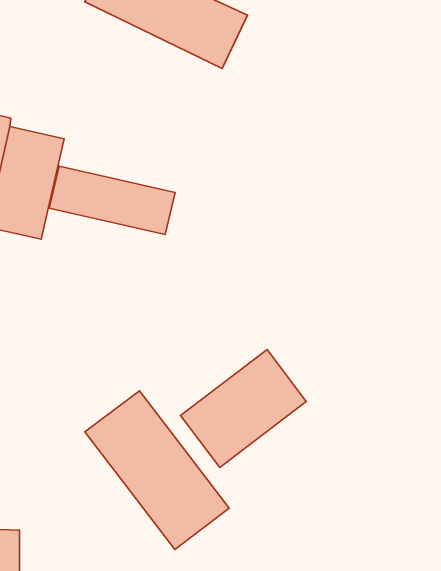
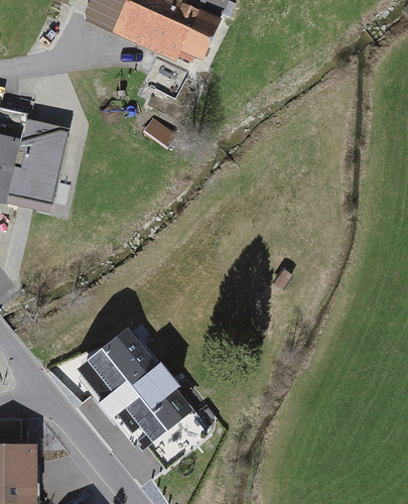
building: [49,166,175,235] -> none
building: [181,350,306,467] -> none

